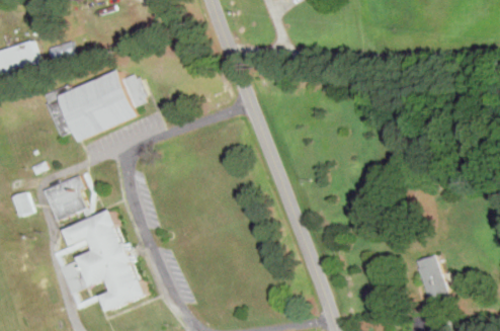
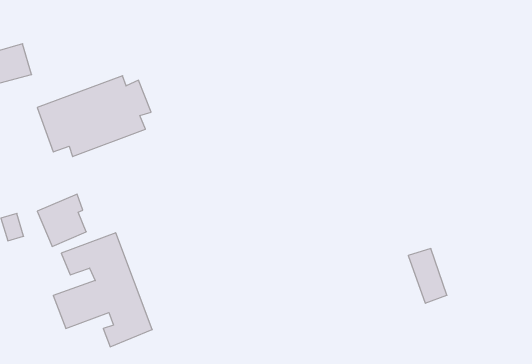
building: [415,255,449,304] -> [408,249,447,303]

